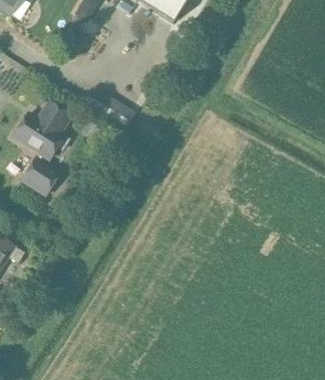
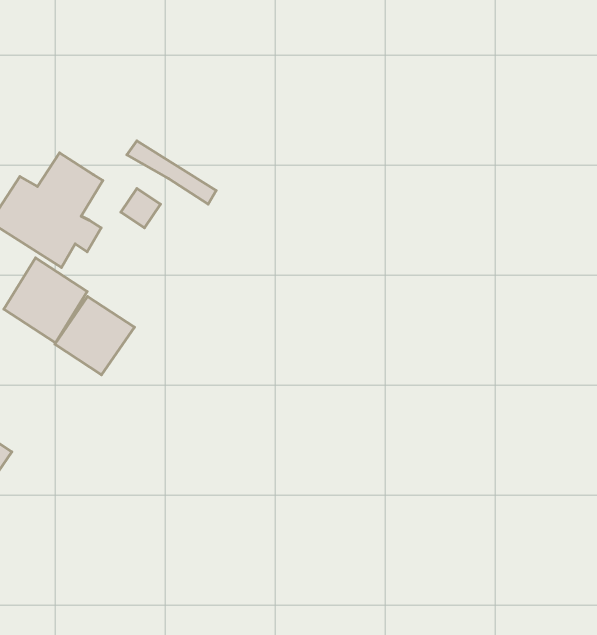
building: none -> [55,297,135,375]

